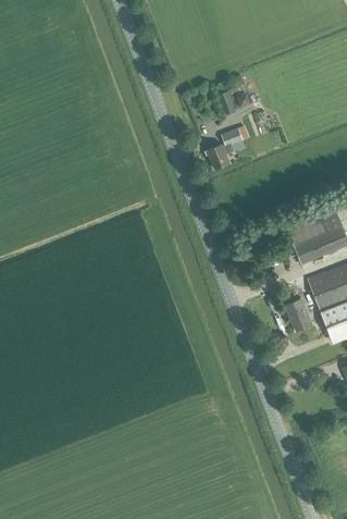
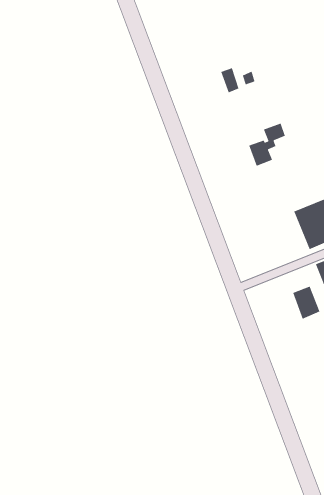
building: [207,128,243,171] -> [248,122,286,167]

